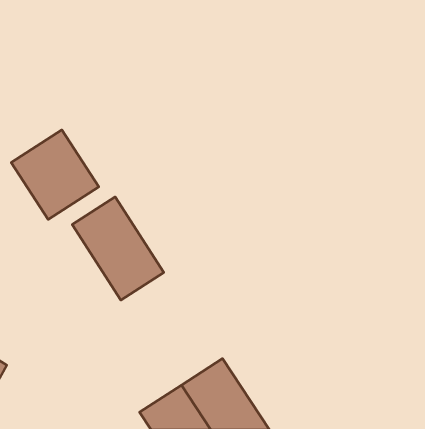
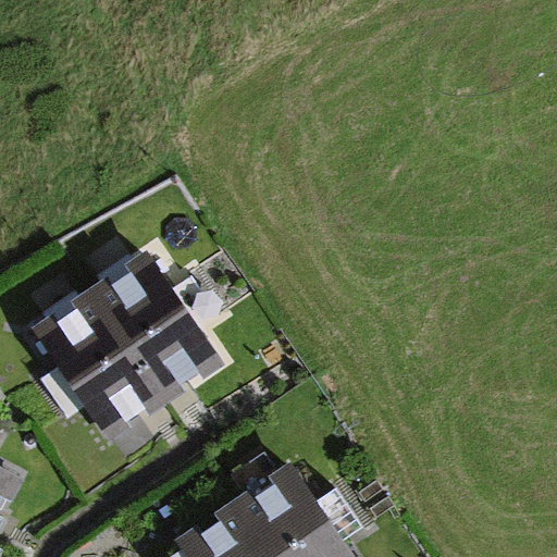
building: [11,130,99,220] -> none
building: none -> [38,292,157,424]

